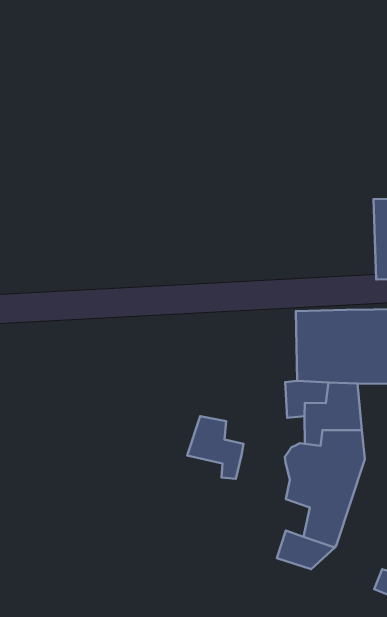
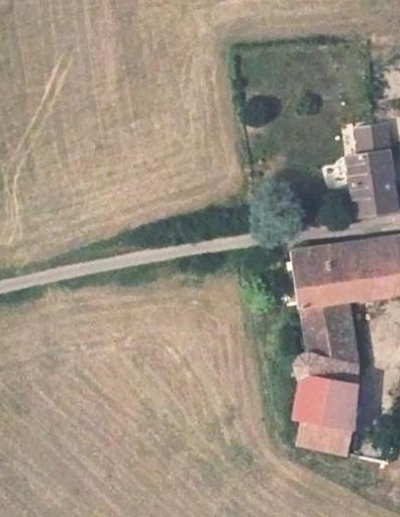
building: [187,416,244,479] -> none

